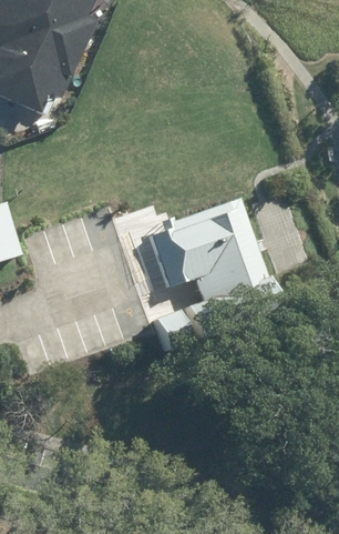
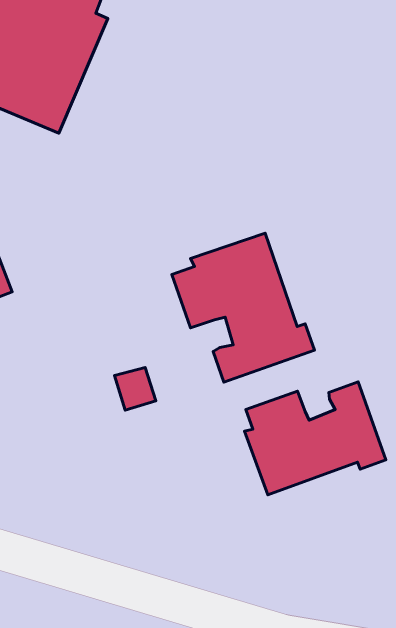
building: none -> [244,382,386,495]

